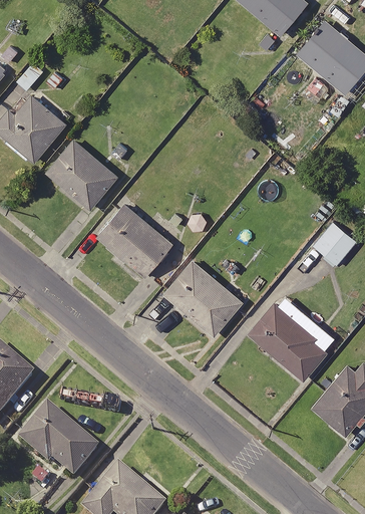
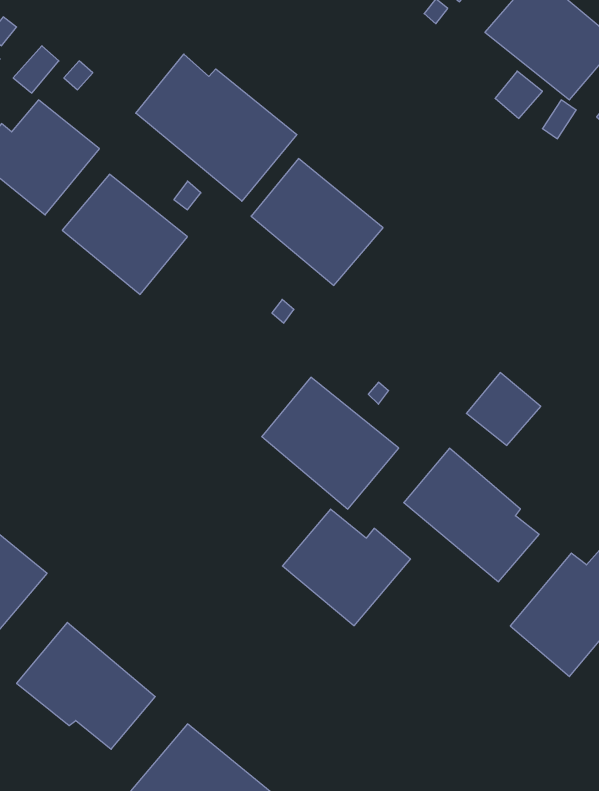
building: none -> [136,54,297,201]
building: [96,203,174,278] -> [251,159,383,285]
building: [313,221,357,264] -> [466,373,541,445]
building: none -> [282,509,410,626]

